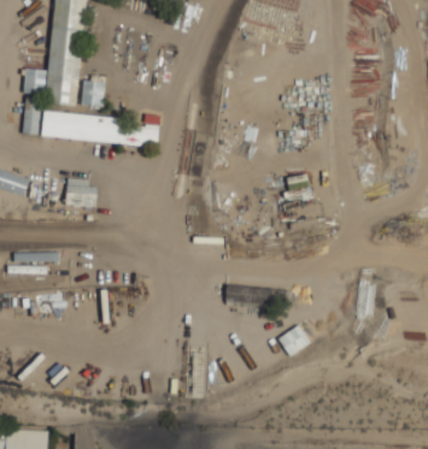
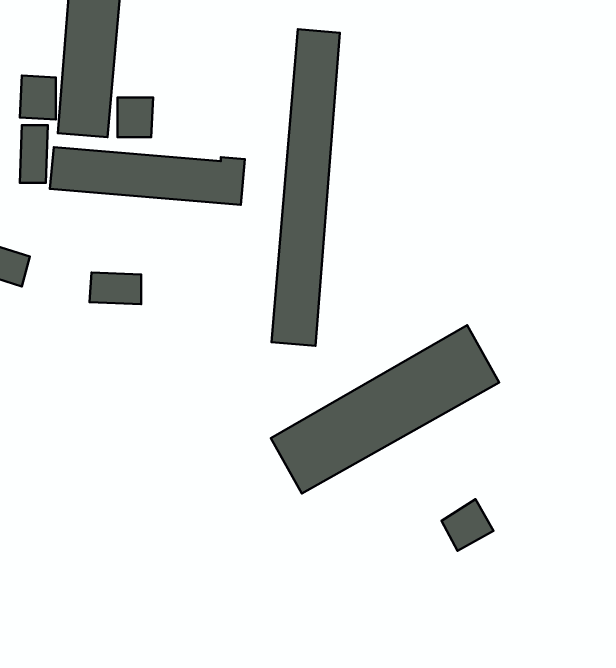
building: none -> [272,29,340,346]
building: none -> [271,325,499,493]

